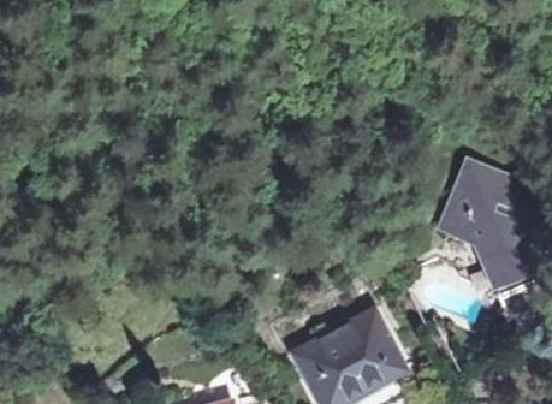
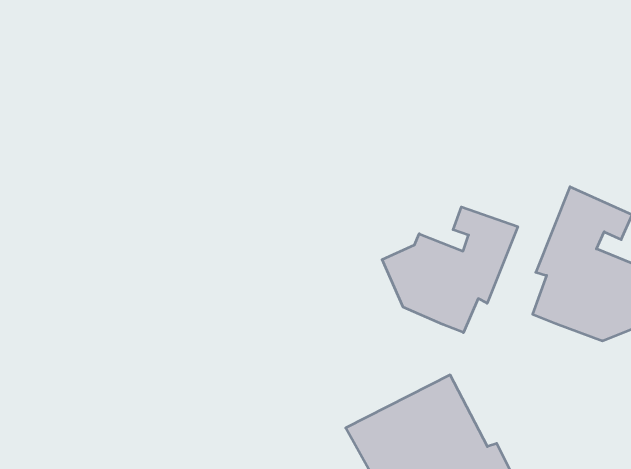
building: none -> [382,207,518,333]

